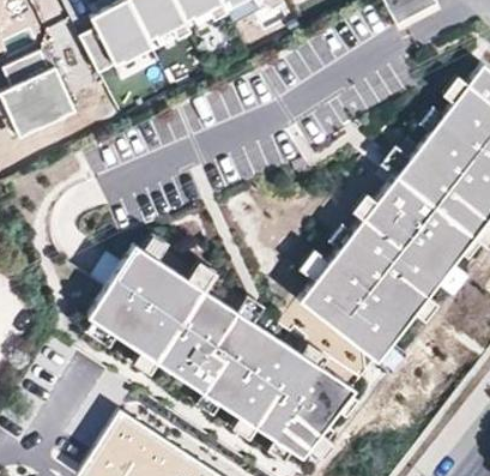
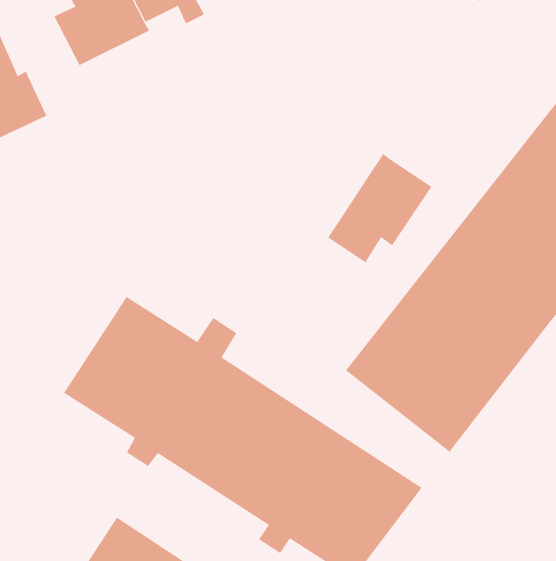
building: none -> [328,153,432,263]

